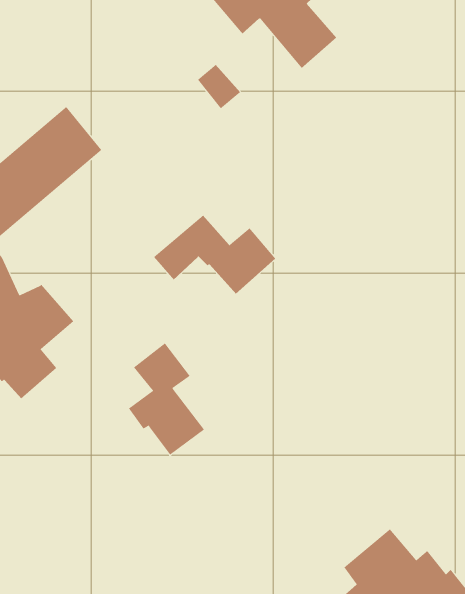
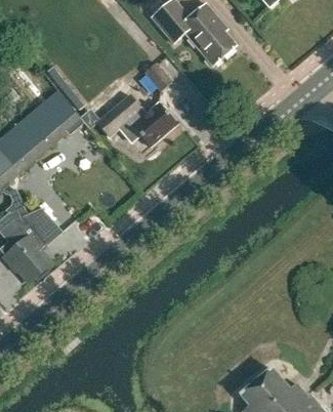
building: [153,215,276,294] -> [96,94,177,147]
building: [128,343,205,455] -> none

